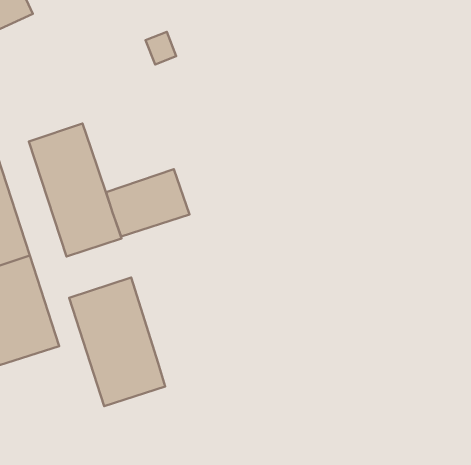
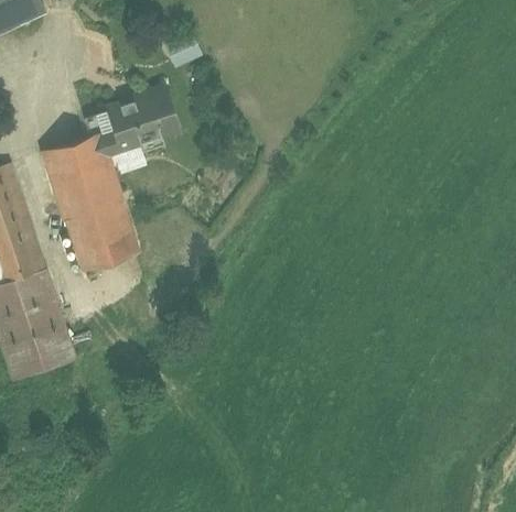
building: [106,169,190,237] -> [94,85,181,155]
building: [69,277,165,406] -> none

